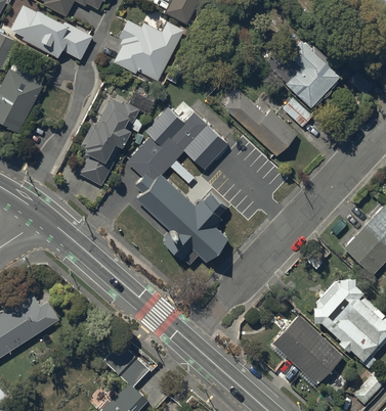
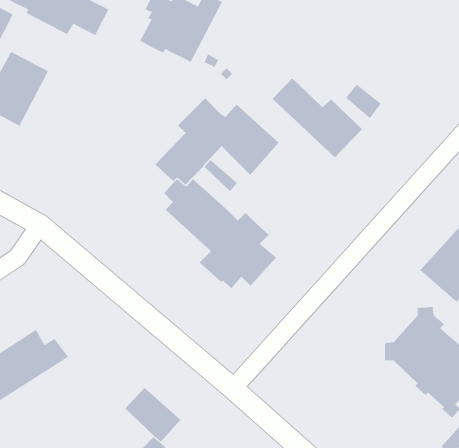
building: [262,43,340,108] -> none
building: [80,100,139,184] -> none
building: [272,316,344,385] -> none

